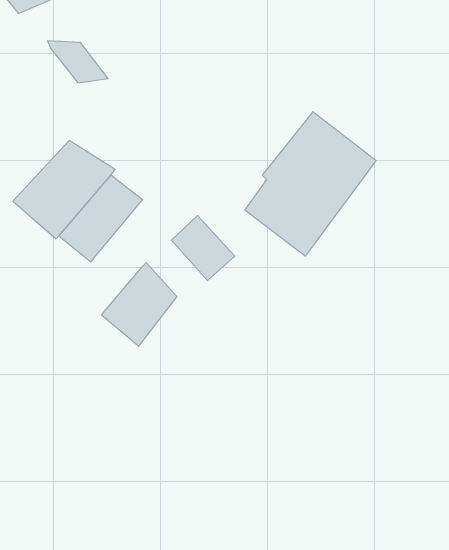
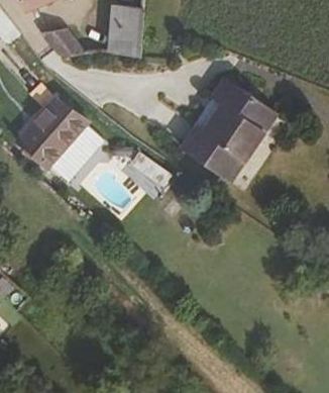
building: none -> [106,7,140,56]
building: [102,263,177,346] -> none

